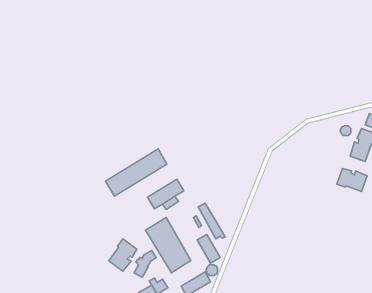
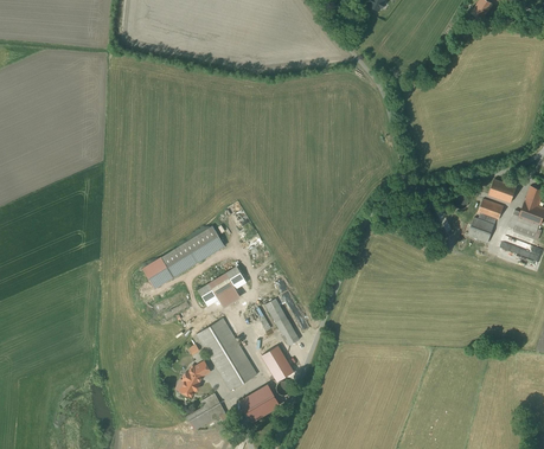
building: [337,168,367,191] -> none
building: [109,239,137,271] -> none

